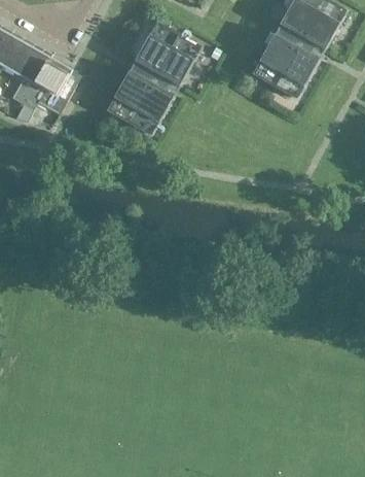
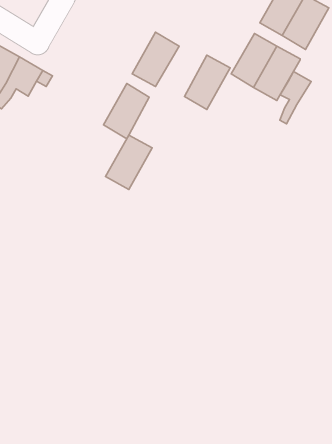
building: [135,21,179,73] -> [184,55,230,109]
building: [106,70,151,123] -> [106,135,152,189]
building: none -> [280,72,311,124]

